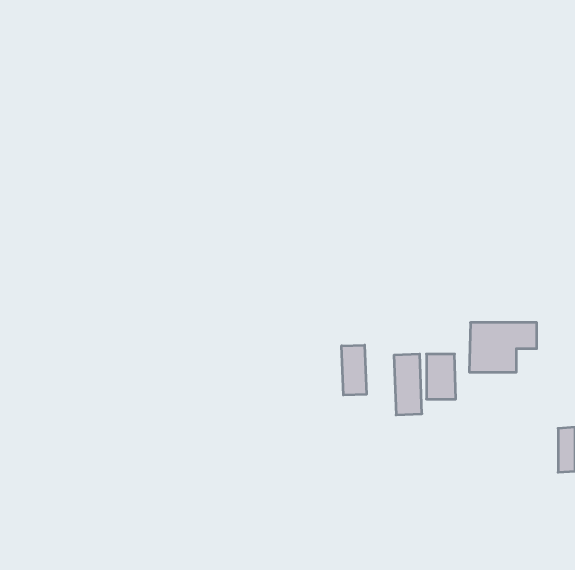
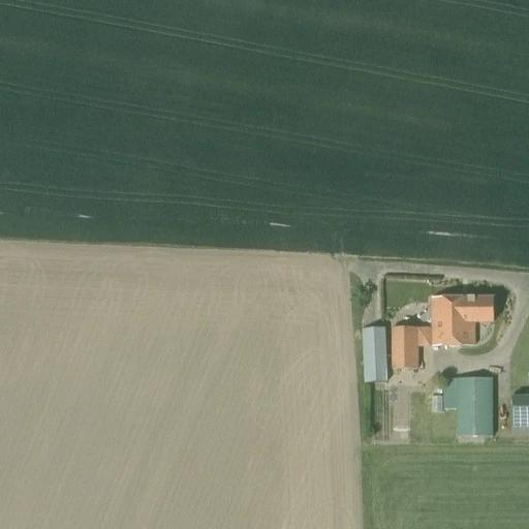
building: [342,345,366,395] -> none
building: none -> [443,376,493,434]

